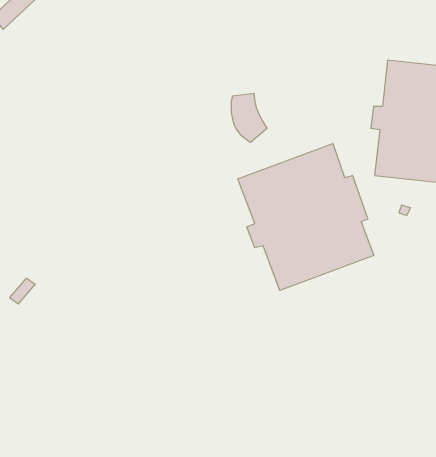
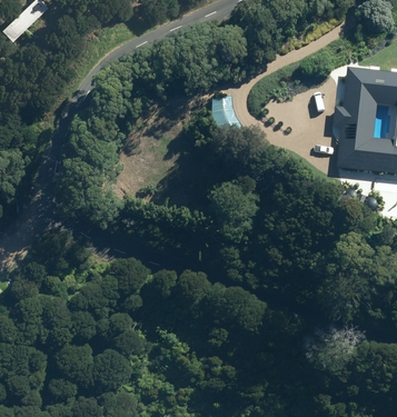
building: [238,144,374,290] -> none

